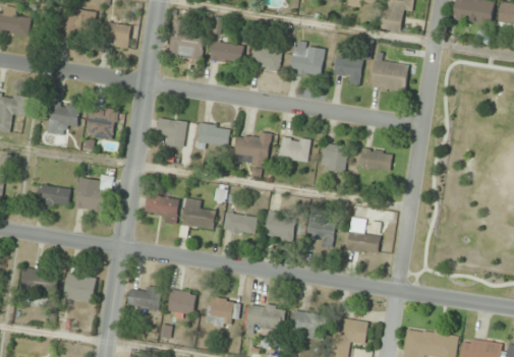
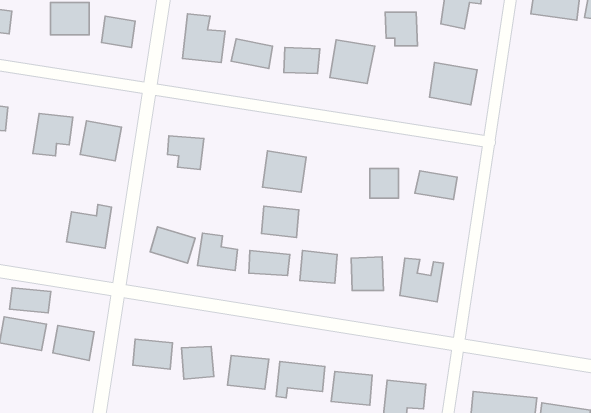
building: [335,55,361,82] -> [385,12,417,46]
building: [196,123,229,150] -> none
building: [279,136,309,162] -> [261,206,299,237]
building: [37,185,70,205] -> [10,288,51,313]

